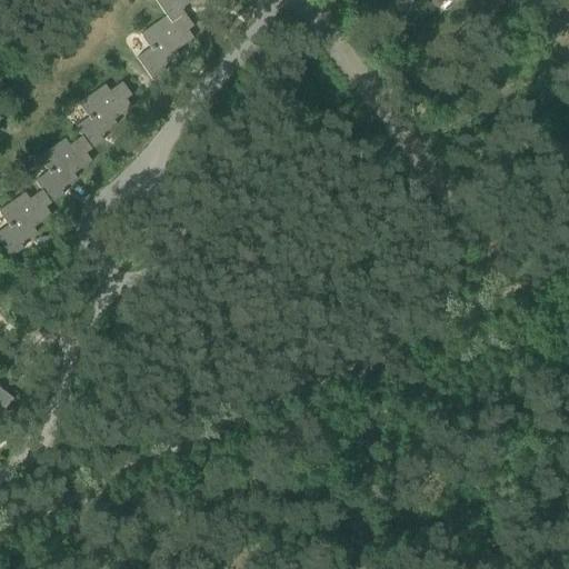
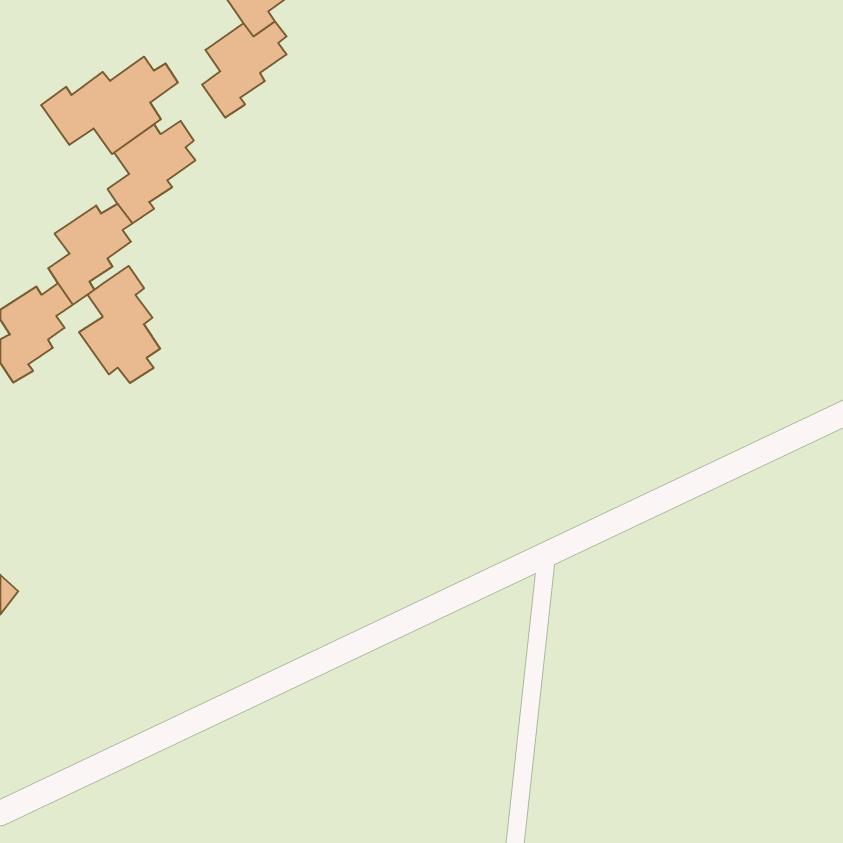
building: none -> [41,57,178,154]
building: none -> [79,266,160,383]

